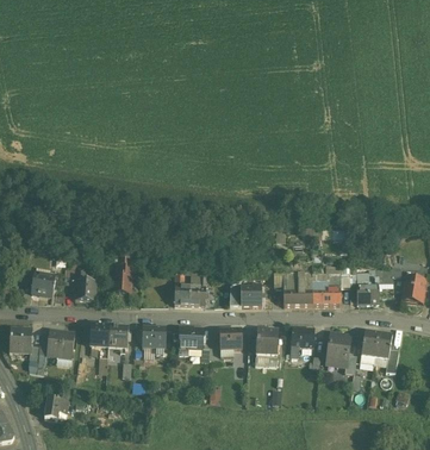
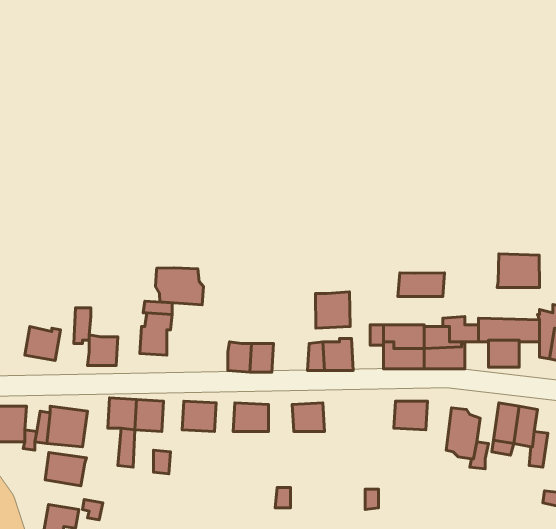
building: none -> [497,254,539,288]
building: none -> [155,268,204,305]
building: none -> [398,273,445,297]
building: none -> [315,292,350,328]
building: [256,327,279,355] -> none
building: none -> [45,453,87,486]

